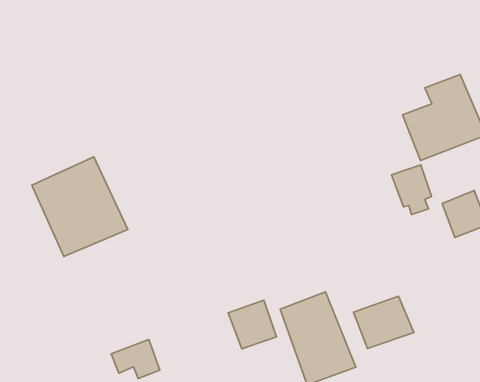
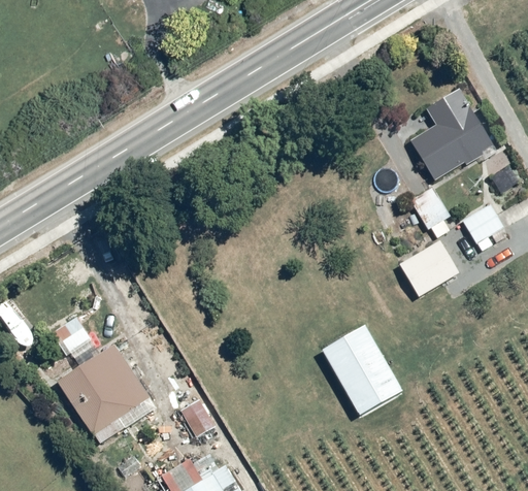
building: [32,157,128,256] -> [58,343,158,445]
building: [353,296,414,349] -> [398,240,460,296]
building: [228,300,277,349] -> none

